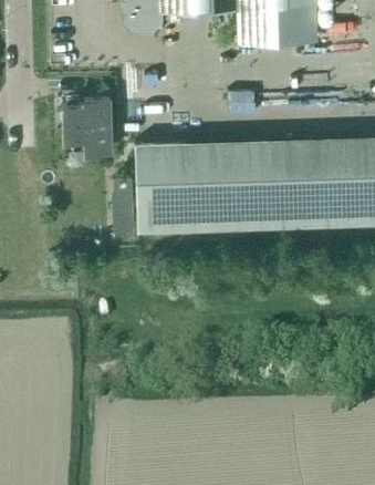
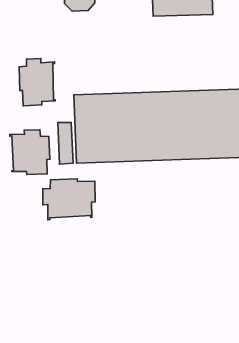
building: none -> [10,130,50,175]
building: none -> [43,179,95,220]

